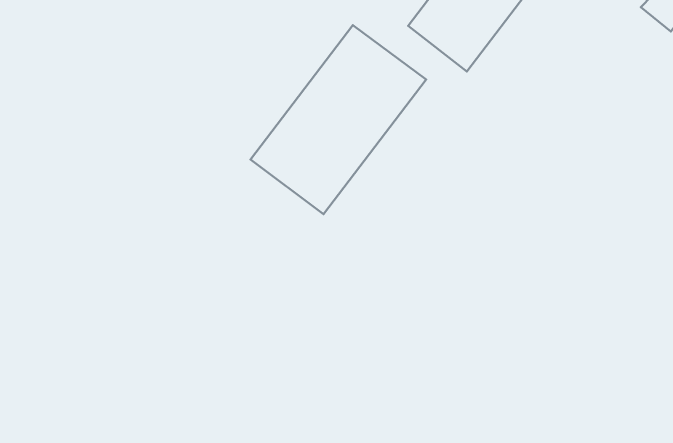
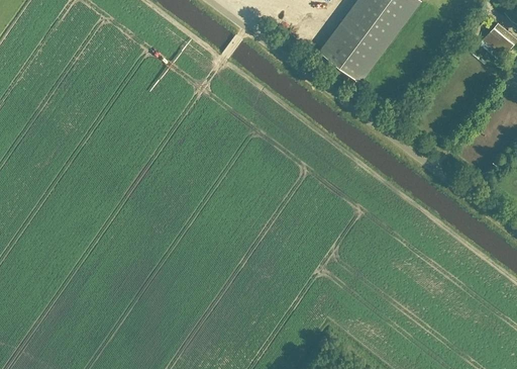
building: [250,25,426,214] -> none

